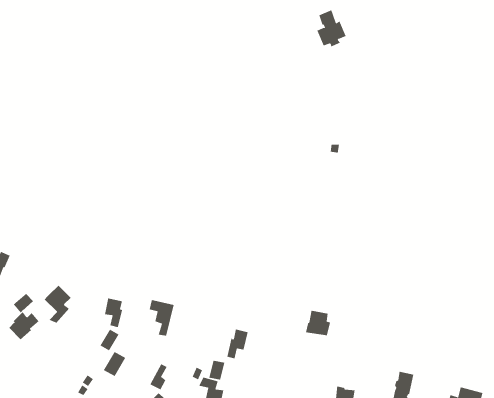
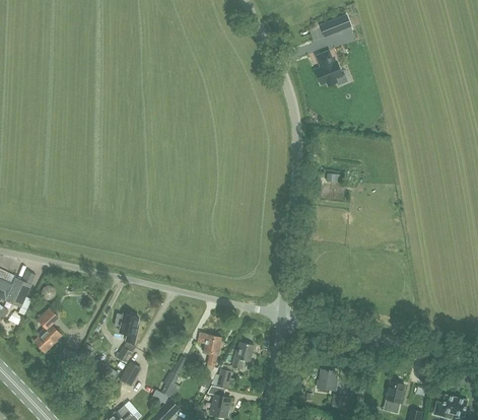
building: [44,285,72,323] -> none
building: [149,299,174,336] -> [198,333,221,366]
building: [305,310,331,336] -> [316,368,339,392]

